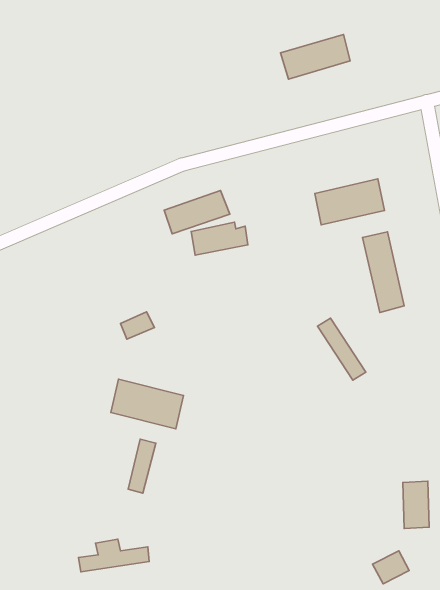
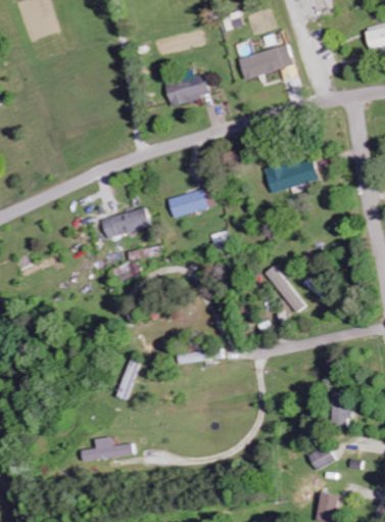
building: none -> [163,73,208,105]
building: [164,190,230,234] -> [99,205,150,239]
building: [362,232,404,313] -> none
building: [111,379,183,429] -> none

